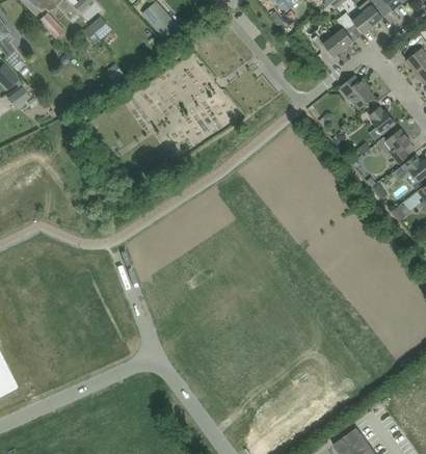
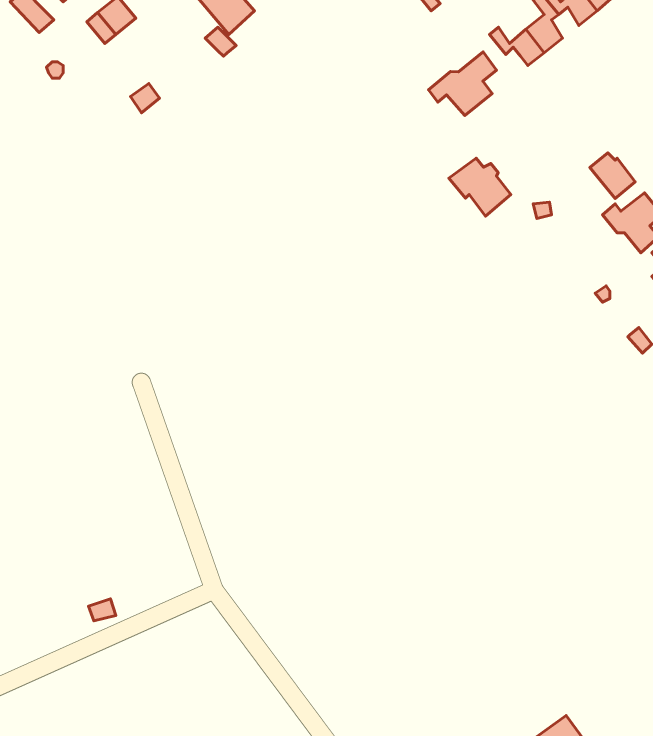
building: none -> [428,52,497,115]
building: [339,76,374,109] -> [449,158,511,216]

